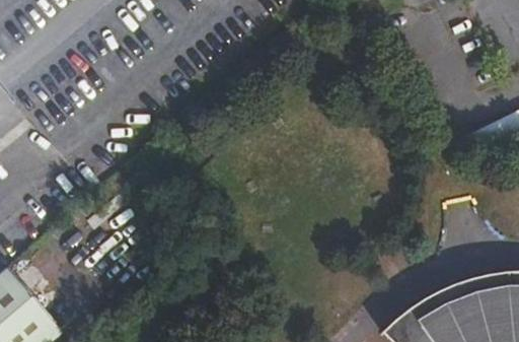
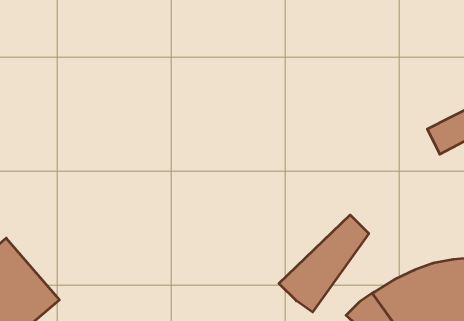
building: none -> [279,215,369,312]

